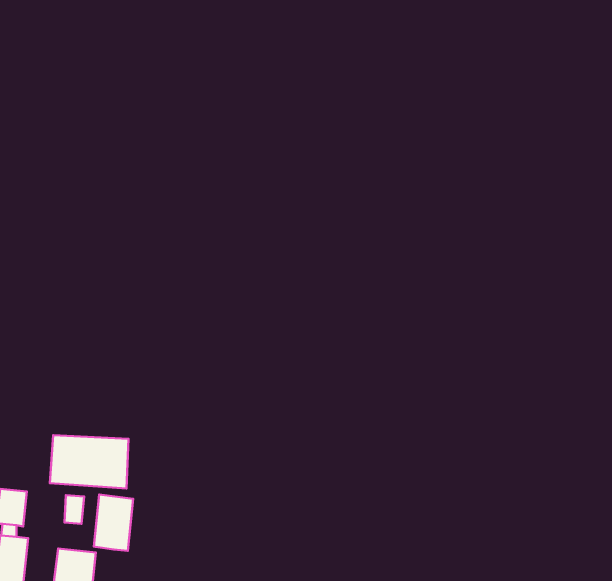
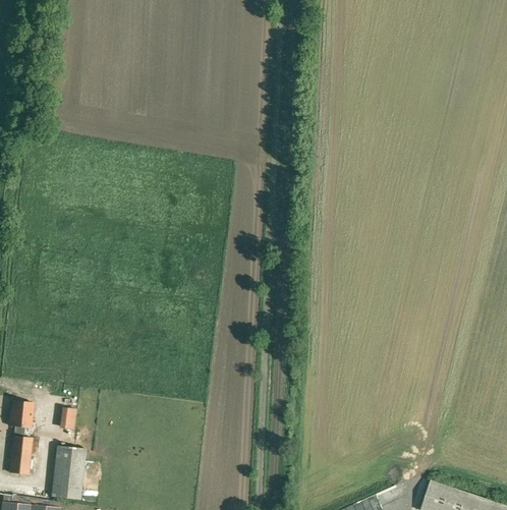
building: [50,435,129,489] -> none
building: [94,495,133,551] -> none

